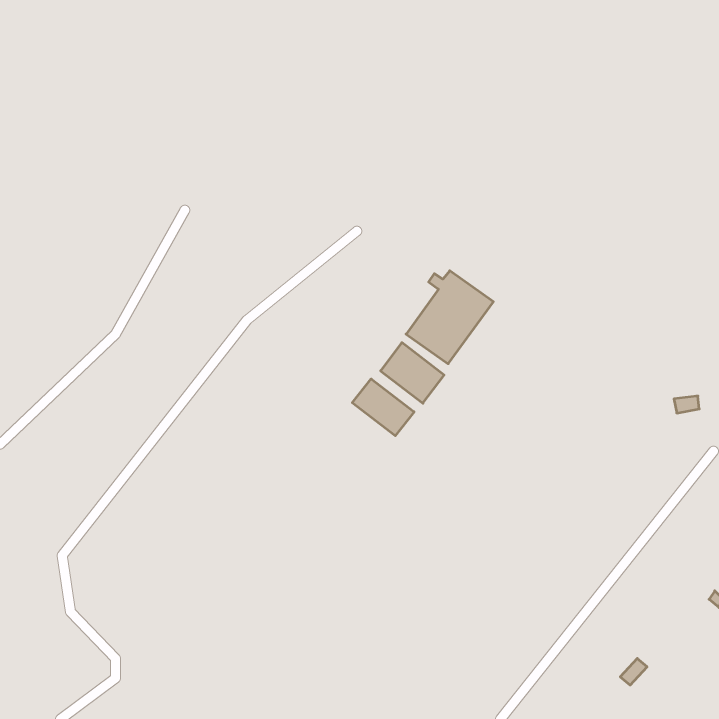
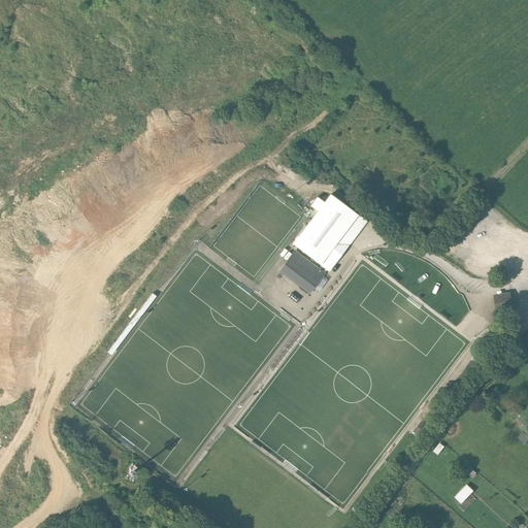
building: [352,379,414,436] -> none

